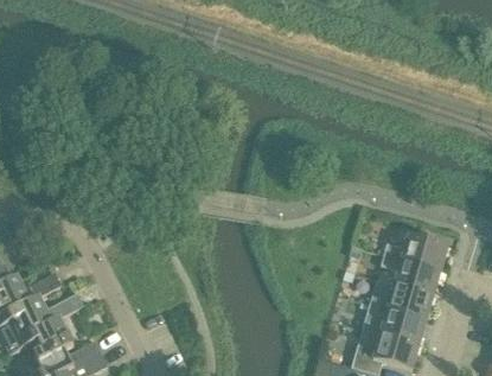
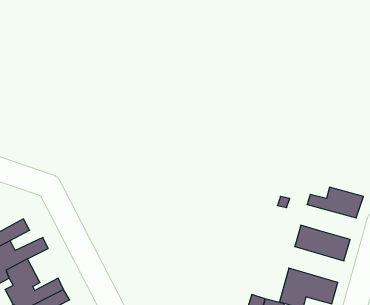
building: [379,255,440,295] -> none
building: [362,304,426,345] -> none

